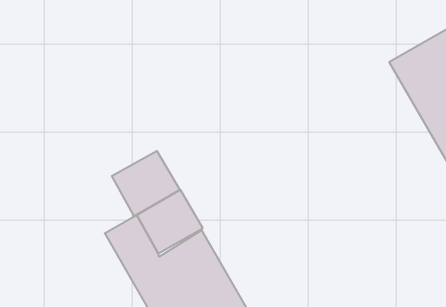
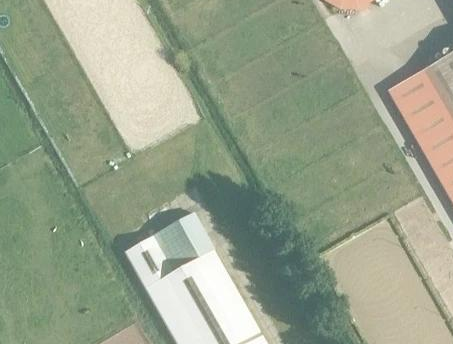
building: [112,151,180,216] -> none

